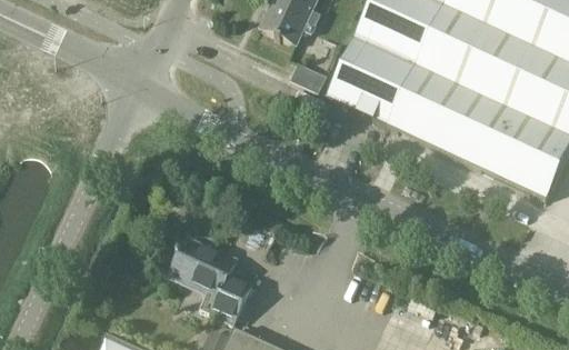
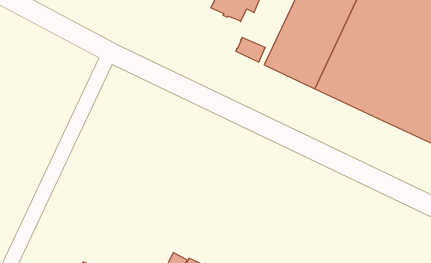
building: [172,239,256,324] -> none

